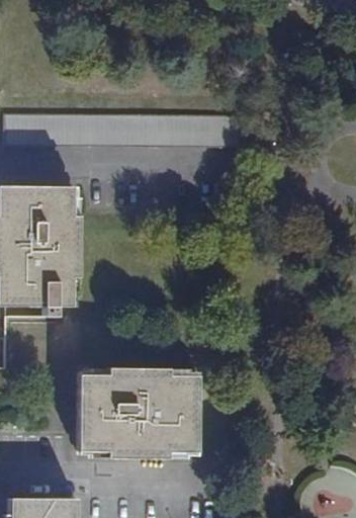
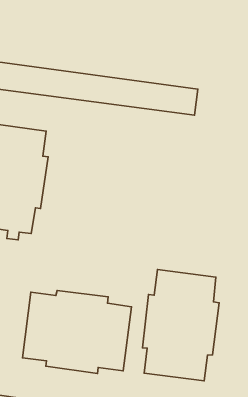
building: none -> [143,270,219,381]

